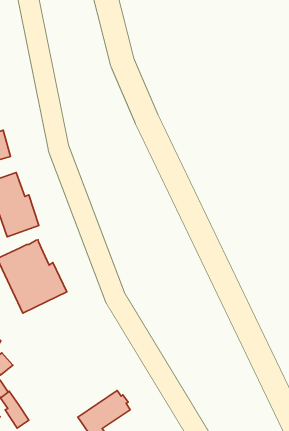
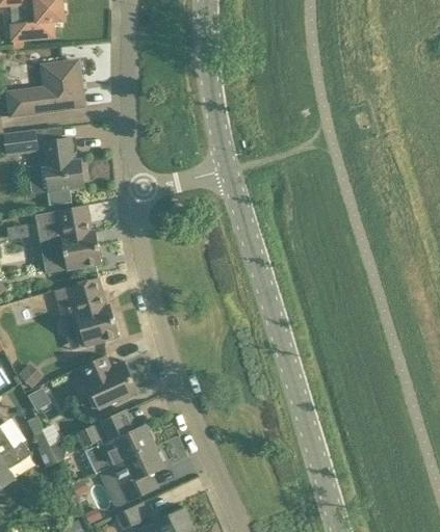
building: none -> [73,355,136,409]
building: none -> [77,409,154,473]

